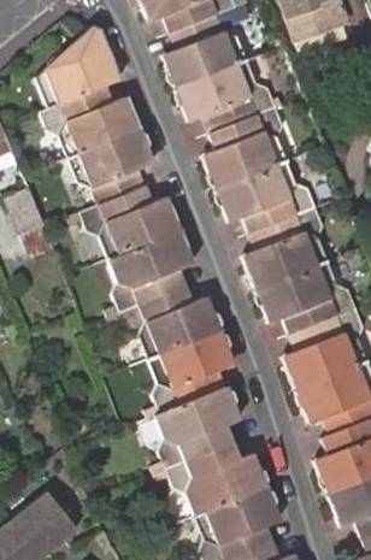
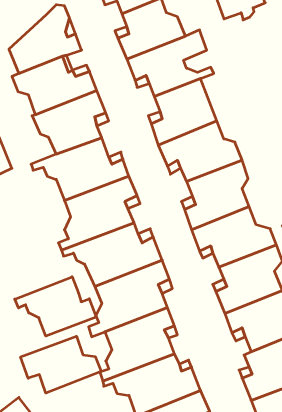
building: none -> [15,277,96,336]
building: none -> [21,336,101,393]

